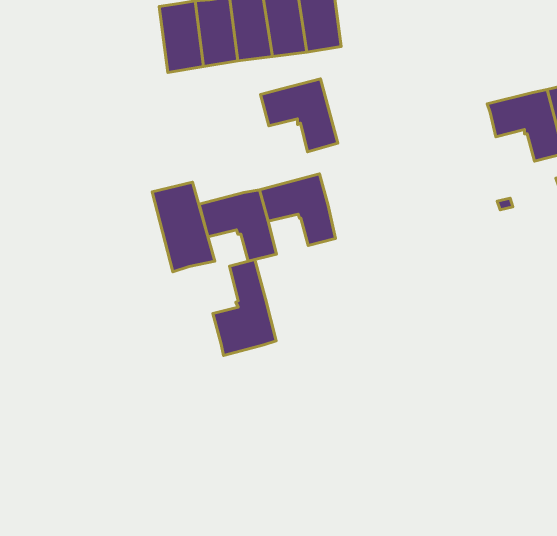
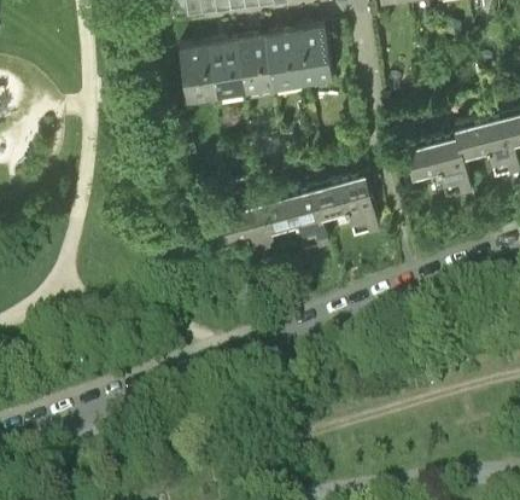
building: [260,79,338,152] -> [315,176,380,238]
building: none -> [407,138,472,198]
building: [152,182,215,272] -> none
building: [213,260,276,355] -> none

